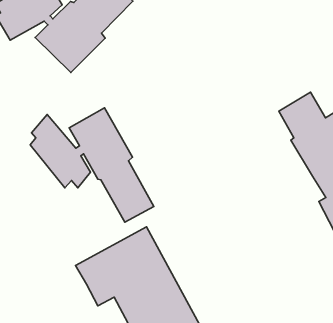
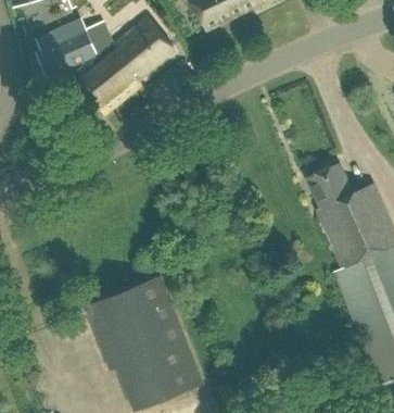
building: [30,108,154,222] -> none

